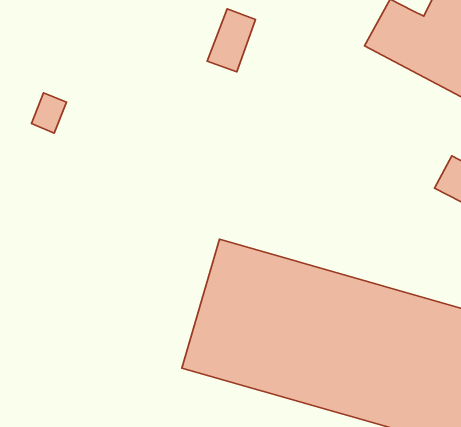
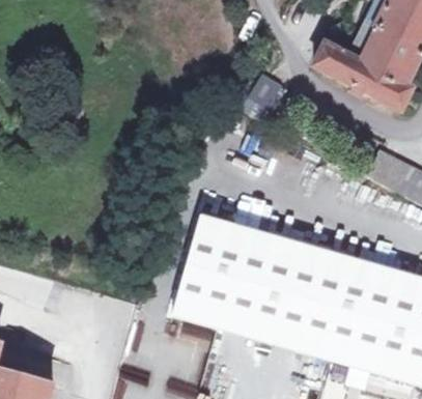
building: [207,9,255,72] -> [240,73,277,121]

